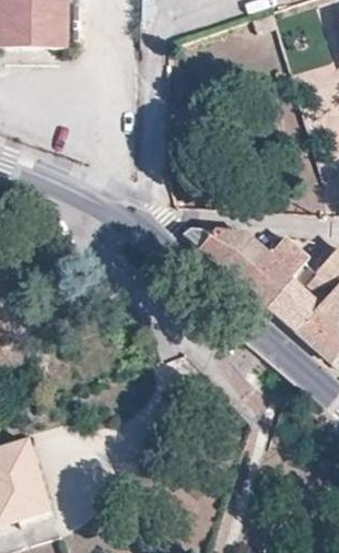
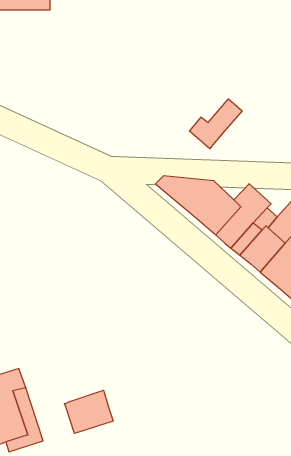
building: none -> [189,99,242,149]
building: none -> [64,390,113,433]

